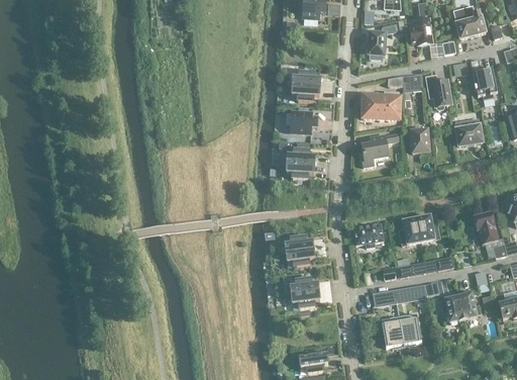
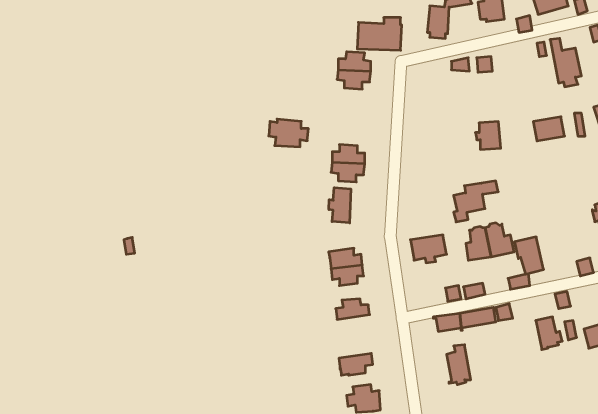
building: [426,74,451,109] -> none
building: [363,91,400,118] -> [357,18,402,50]
building: [285,109,318,132] -> [269,119,308,147]
building: [361,131,399,166] -> [454,181,498,222]
building: none -> [329,188,351,223]
building: [474,212,498,244] -> [515,237,544,274]
building: [292,290,320,308] -> [339,353,373,375]
building: [441,295,463,321] -> none
building: [399,313,421,346] -> none

